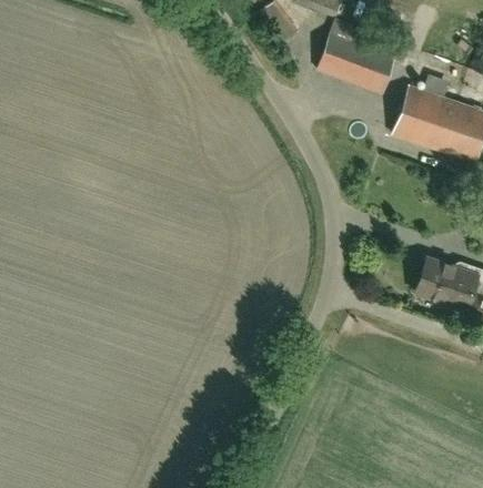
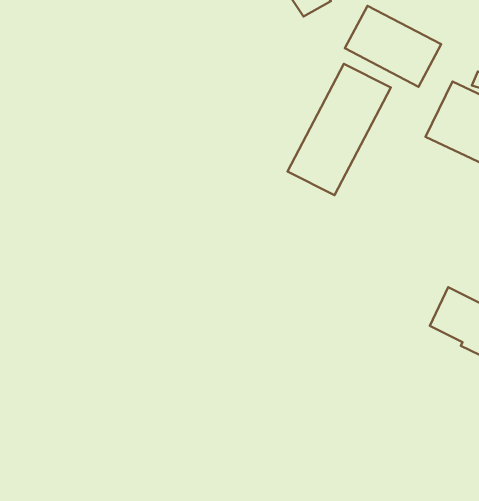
building: none -> [287,64,391,195]

